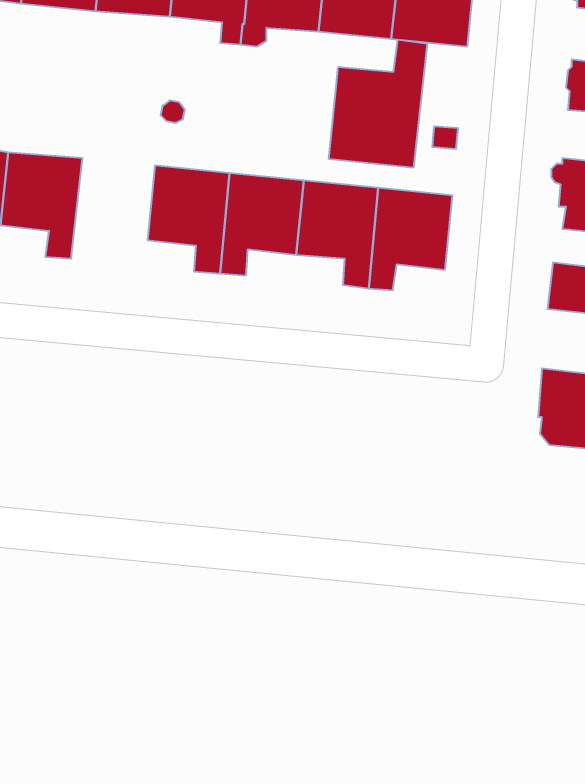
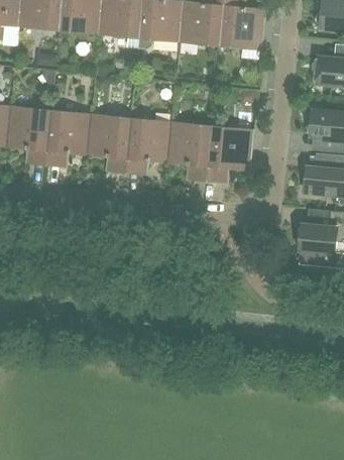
building: [329,40,427,168] -> none
building: none -> [44,109,90,165]

